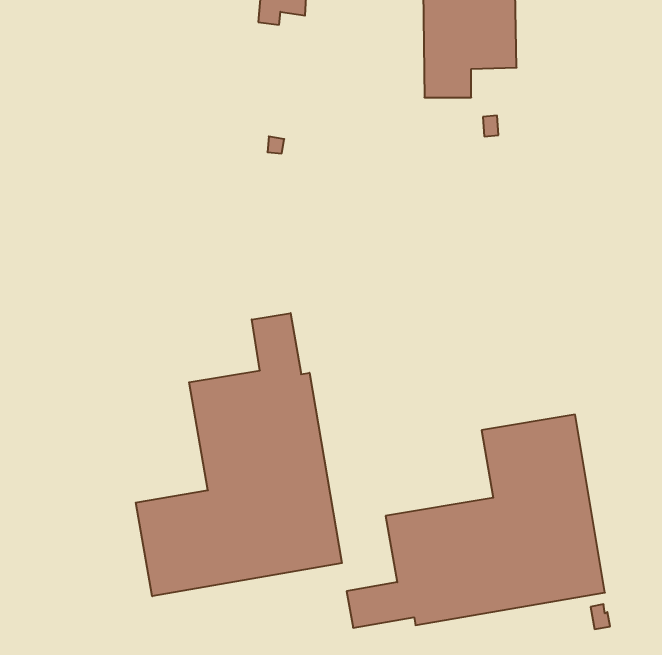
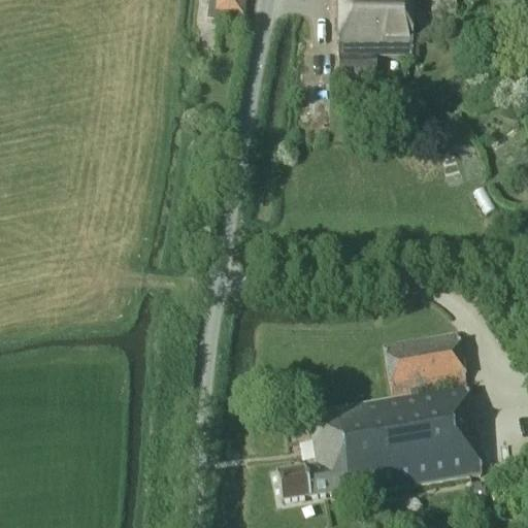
building: [136,313,342,596] -> none

